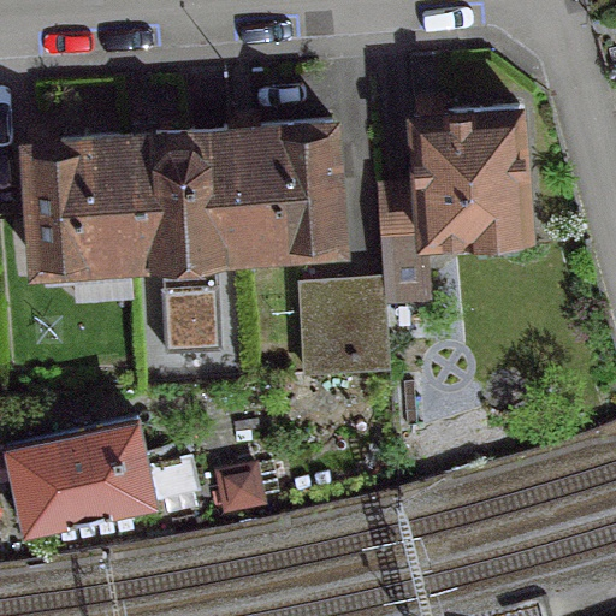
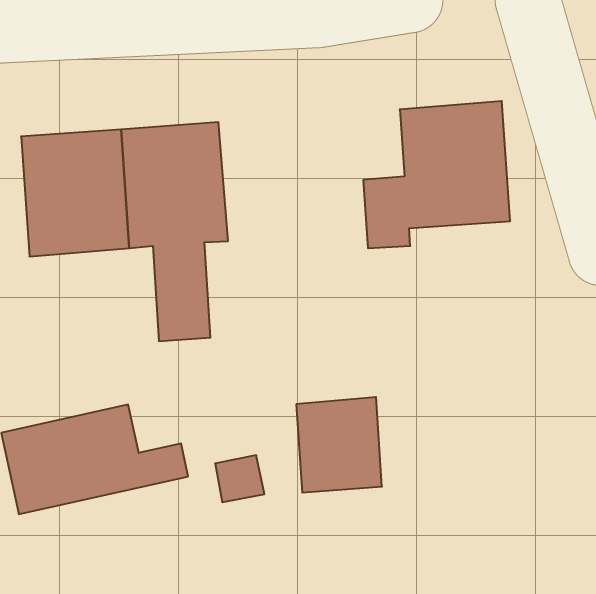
building: [229,125,340,254] -> none
building: [301,284,389,381] -> [296,397,382,492]

